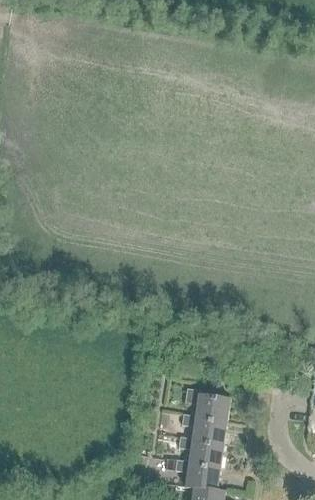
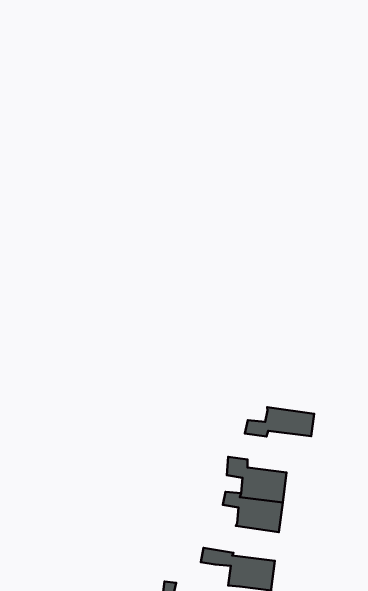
building: none -> [245,407,314,436]
building: [179,439,225,469] -> none

